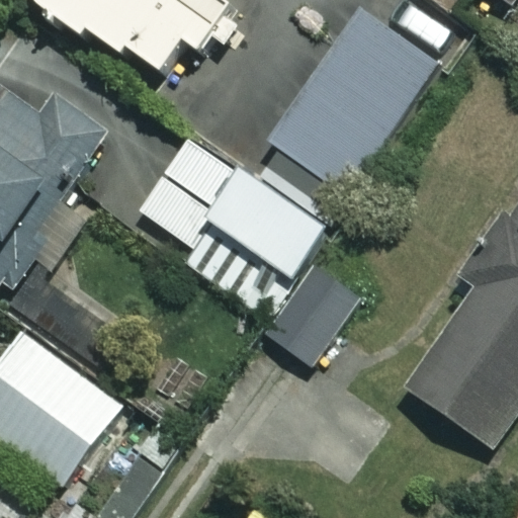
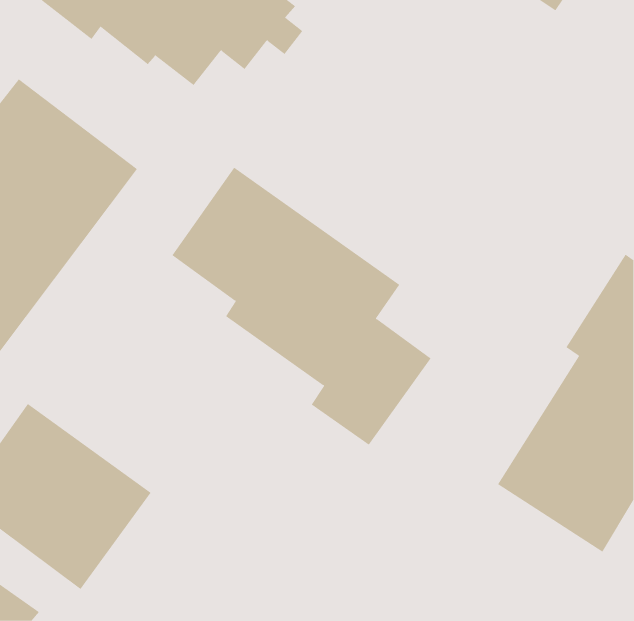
building: [272,9,438,191] -> none

